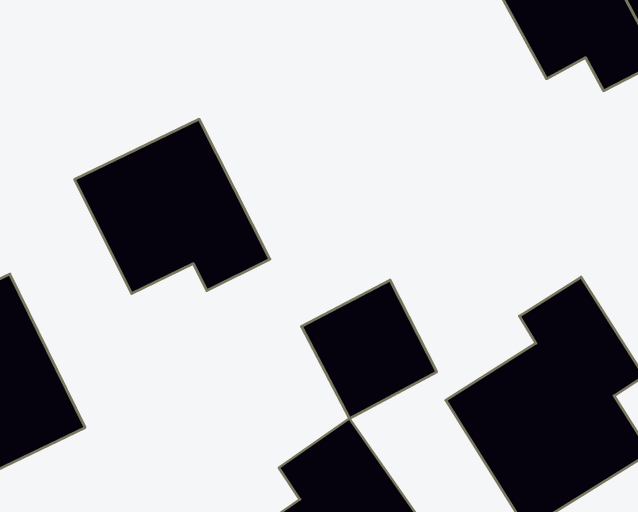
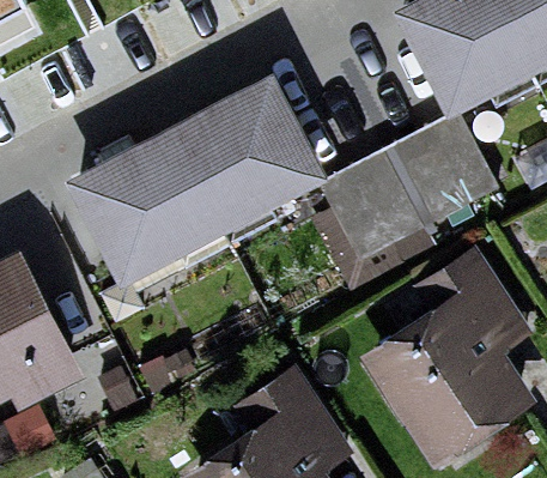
building: none -> [172,80,316,241]
building: none -> [394,119,492,219]
building: [301,280,437,418] -> [315,152,423,262]

